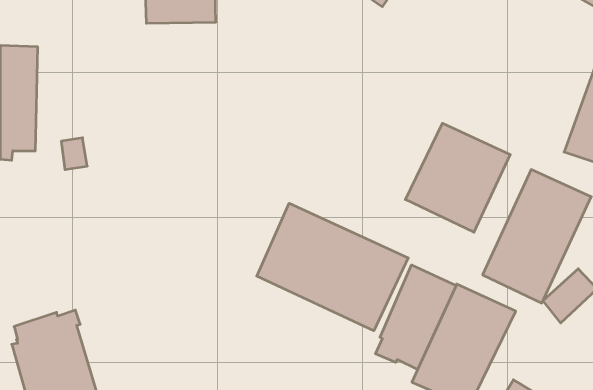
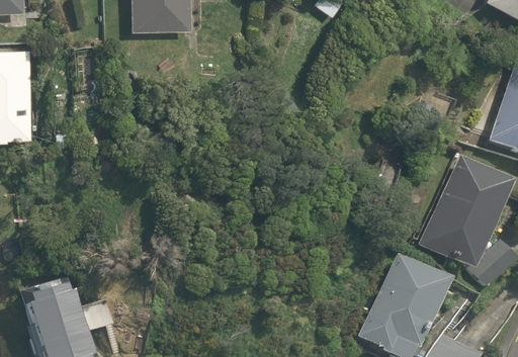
building: [405,123,510,232] -> none
building: [257,203,408,331] -> none
building: [376,265,456,369] -> none

